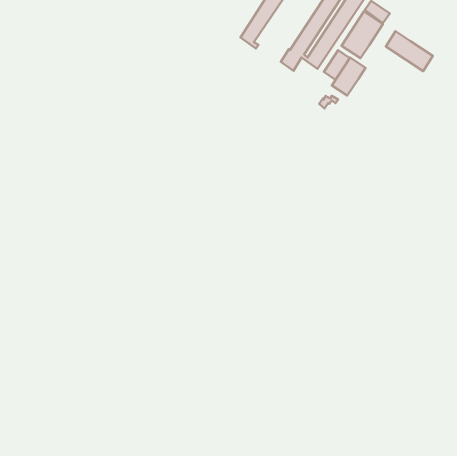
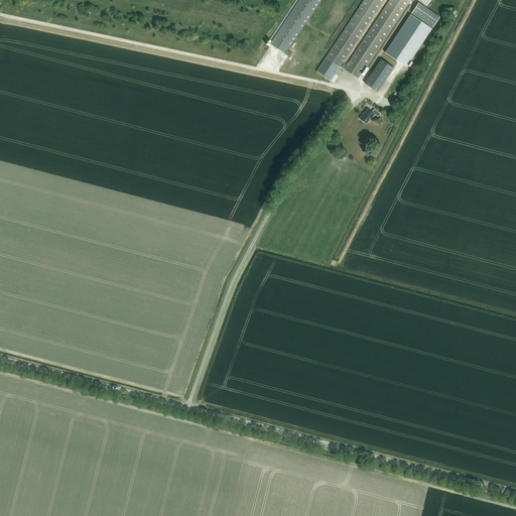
building: [386,31,433,71] -> none
building: [332,58,366,96] -> none

